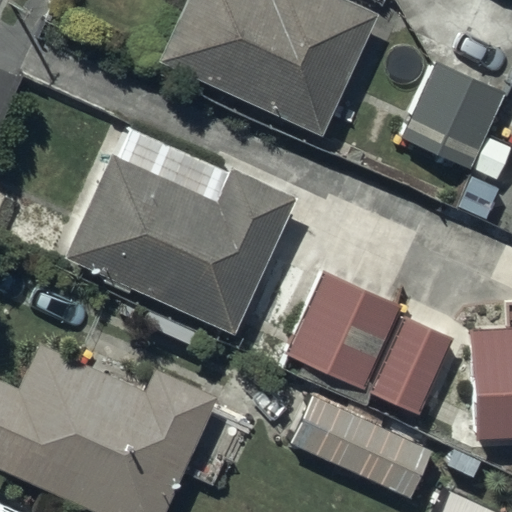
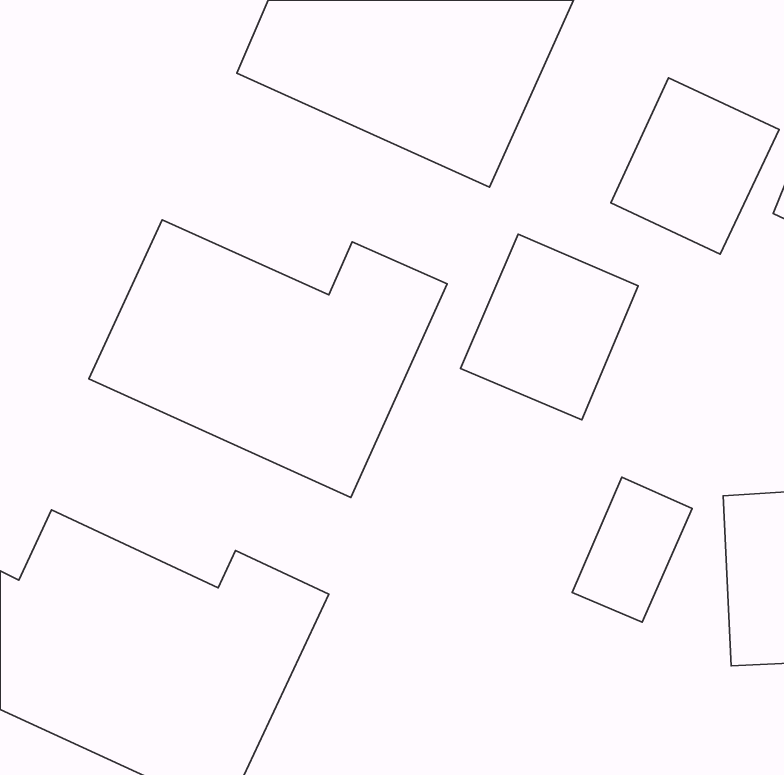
building: [288,270,402,389] -> [460,234,638,420]
building: [289,393,433,504] -> none

